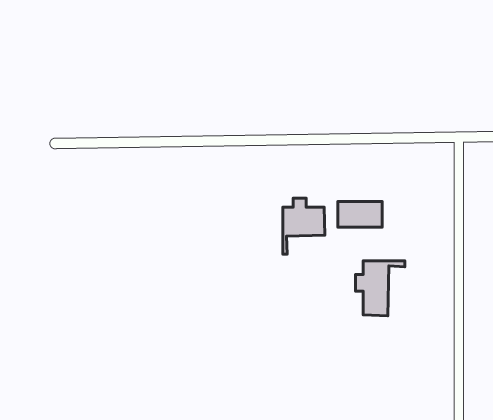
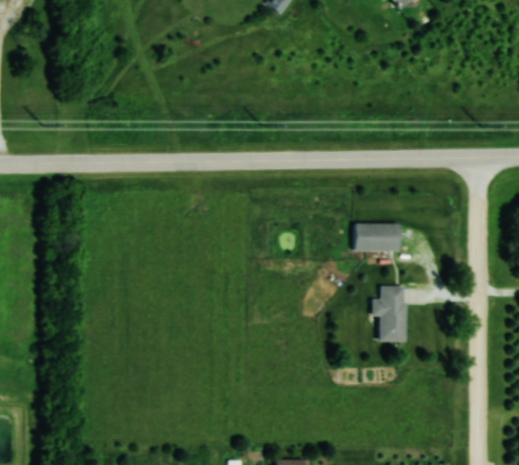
building: [283,198,325,254] -> none

